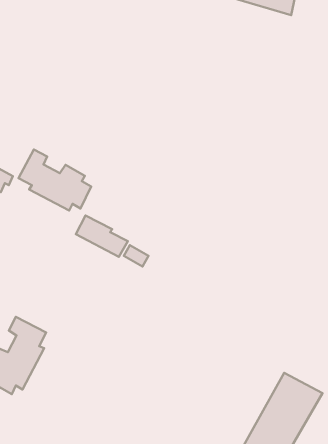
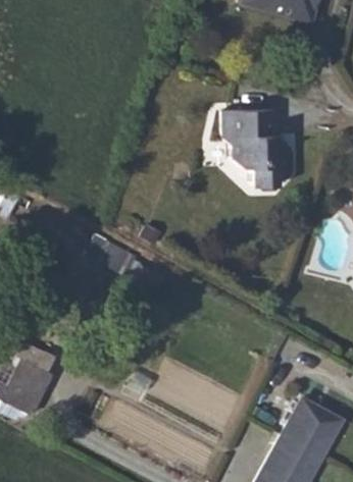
building: none -> [222,109,294,190]
building: [19,149,91,210] -> none

